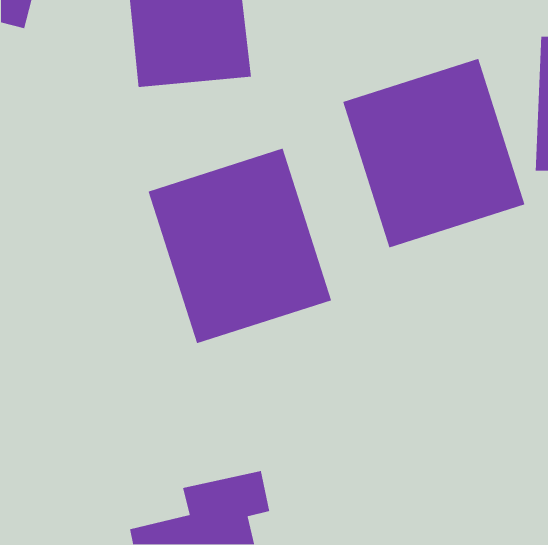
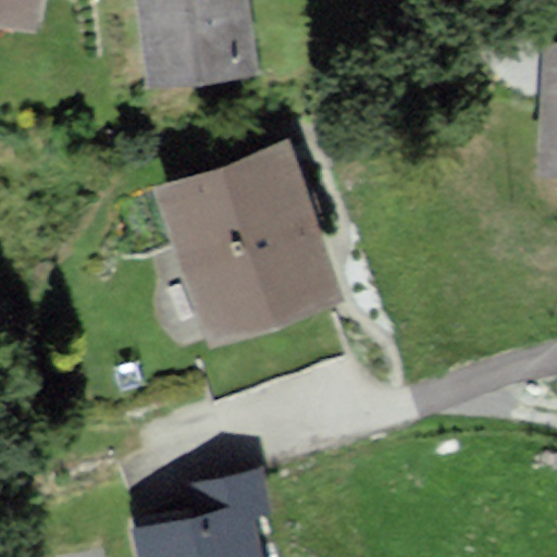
building: [342,58,526,248] -> none

